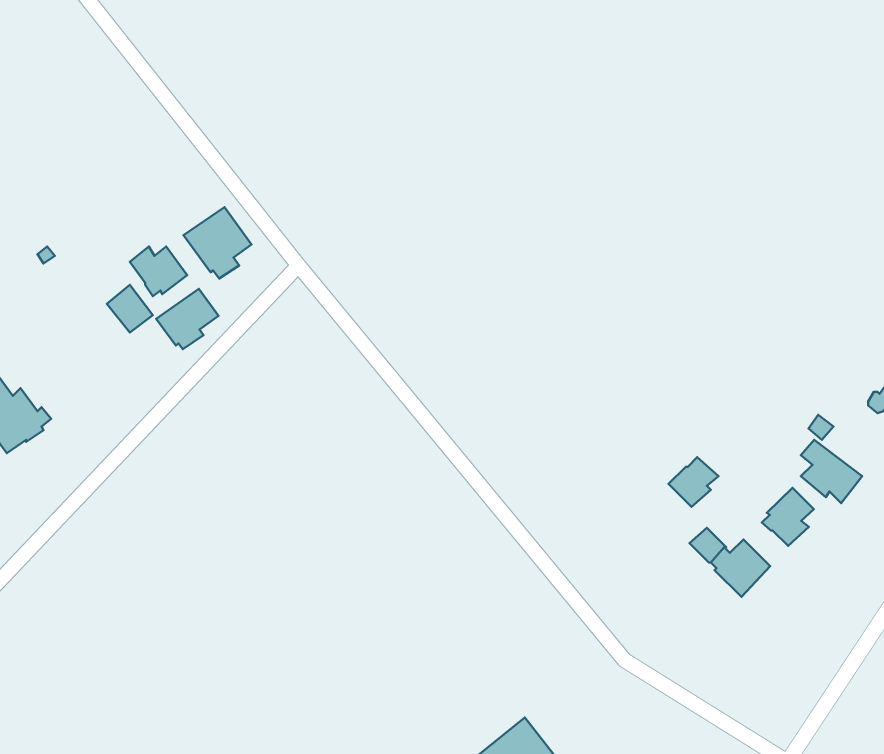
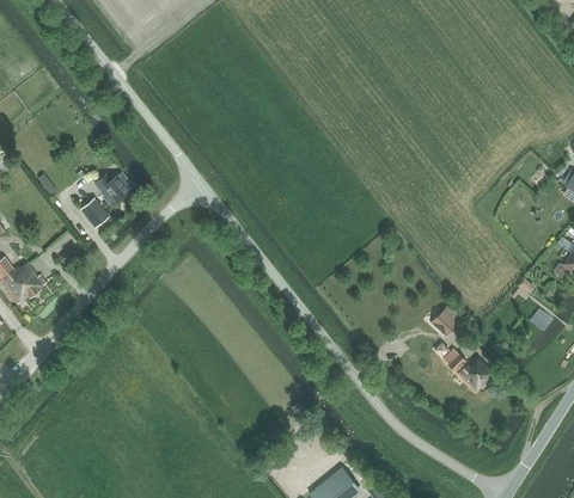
building: [183,207,252,278] -> none
building: [156,289,218,349] -> none
building: [762,488,814,546] -> none

